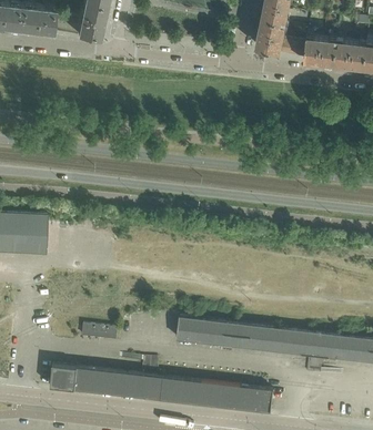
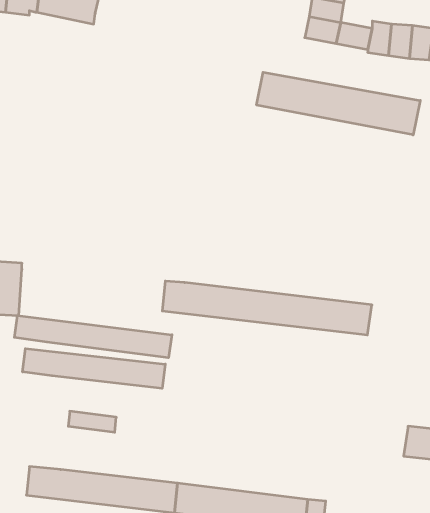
building: none -> [257,72,420,135]
building: none -> [14,316,172,358]
building: none -> [23,349,165,388]
building: [178,319,333,359] -> [162,281,372,335]

